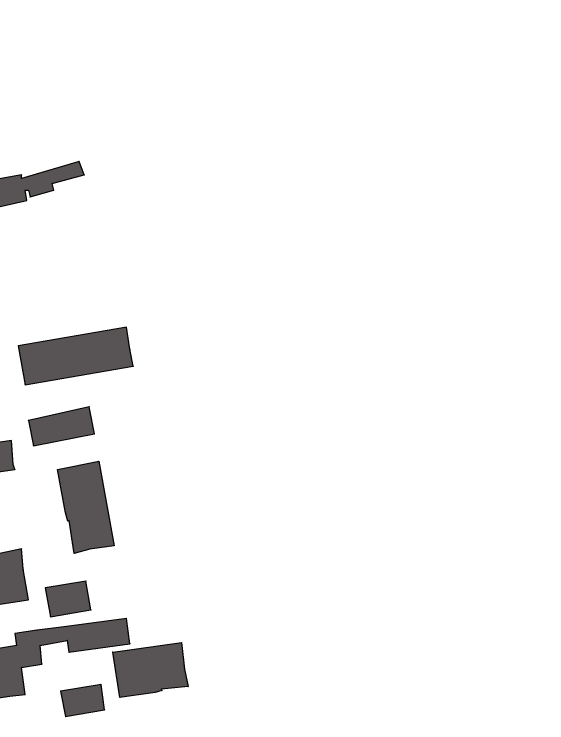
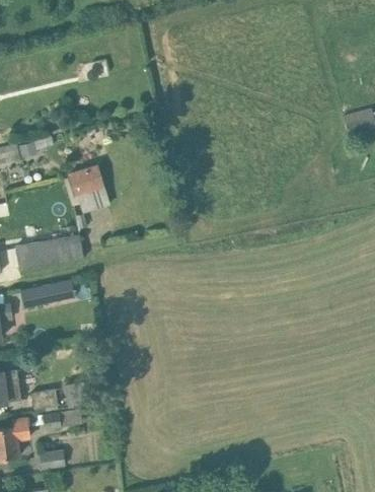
building: none -> [63,164,110,214]
building: [58,461,114,553] -> none
building: [113,643,188,697] -> none

